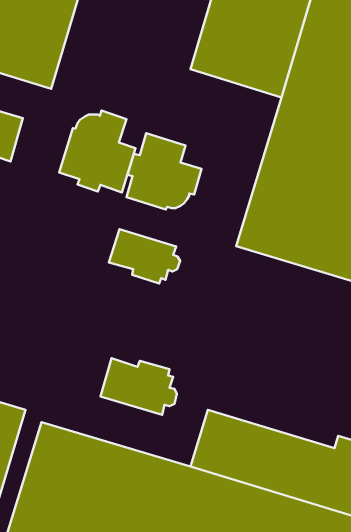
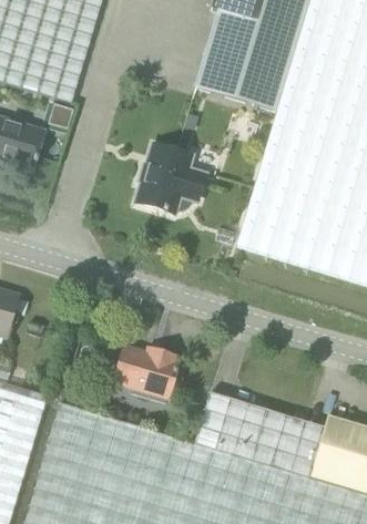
building: [59,111,136,192] -> none
building: [109,229,180,283] -> none

